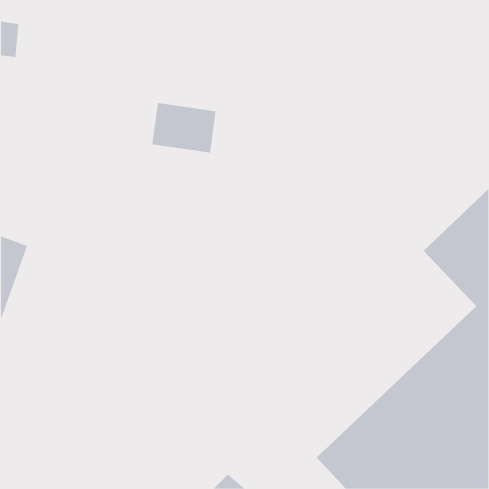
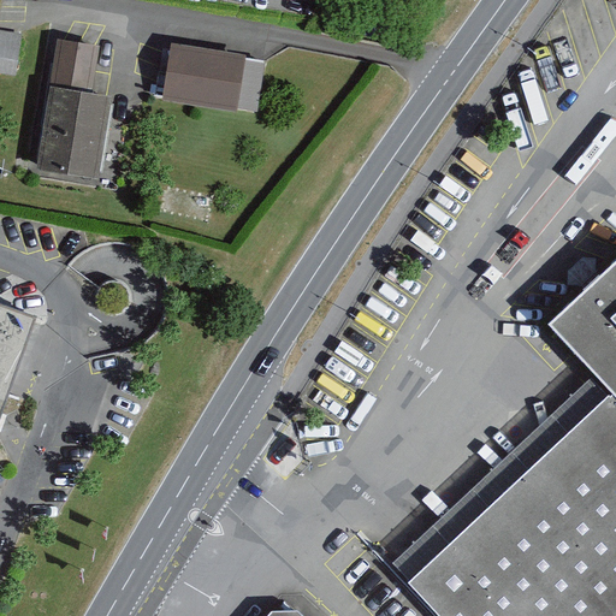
building: none -> [37,41,112,185]
building: [151,103,216,153] -> [164,46,245,109]

